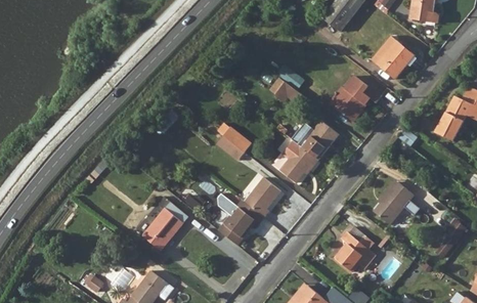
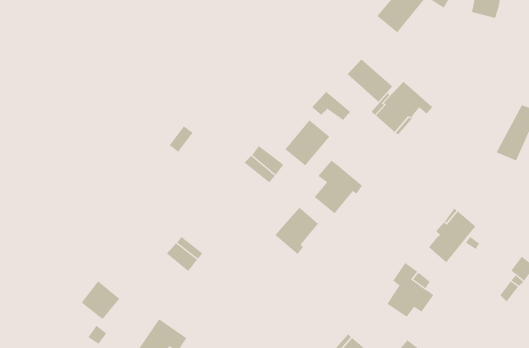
building: [372,37,414,79] -> none
building: none -> [347,59,393,103]
building: [302,122,340,161] -> [285,120,330,166]
building: [219,201,265,246] -> none
building: [141,217,174,250] -> [81,280,120,320]

